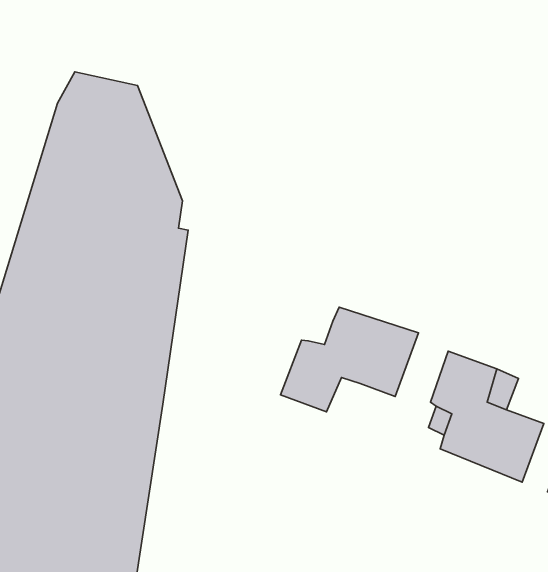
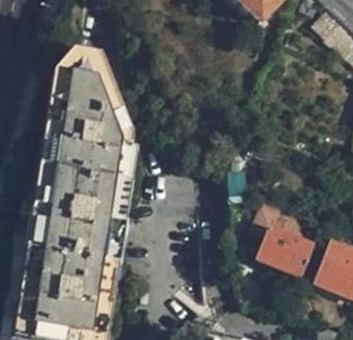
building: [281,307,419,412] -> none

